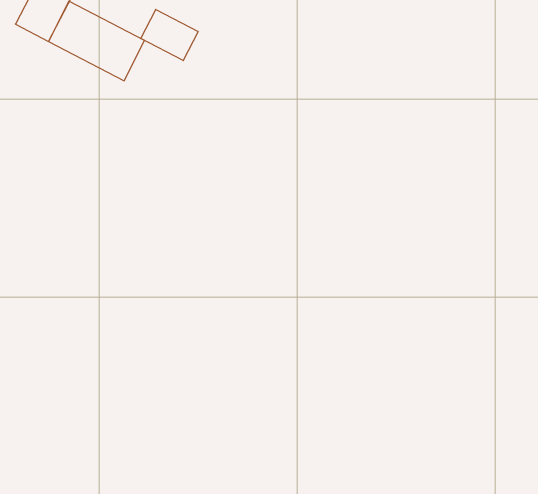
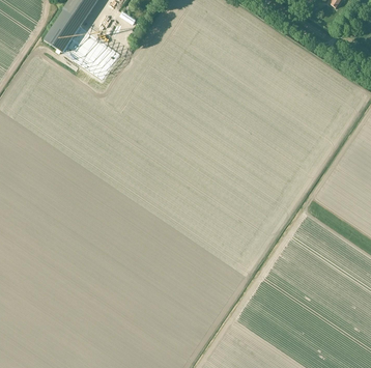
building: [141,9,198,61] -> none

